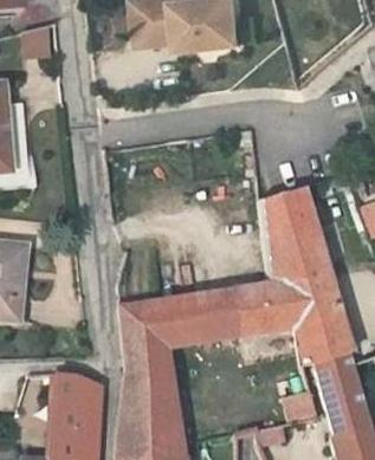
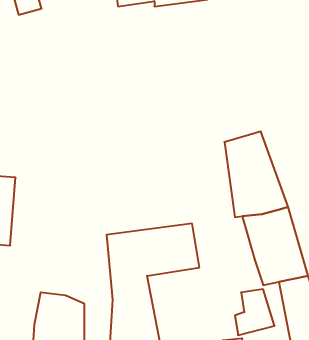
building: [222,286,293,344] -> none

